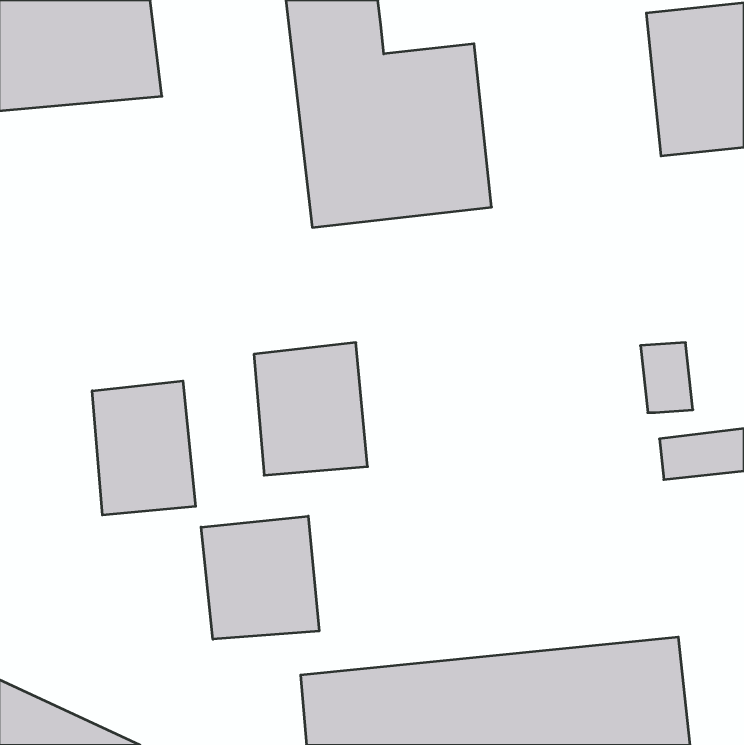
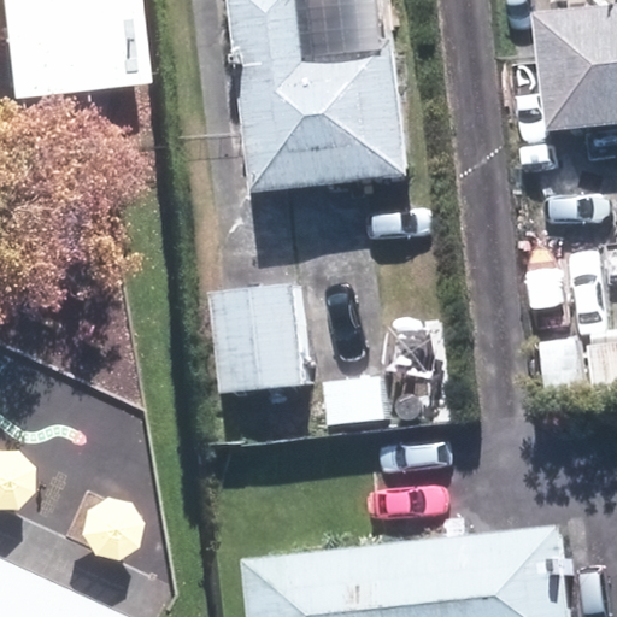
building: [92,381,196,515] -> none
building: [201,516,319,639] -> none

